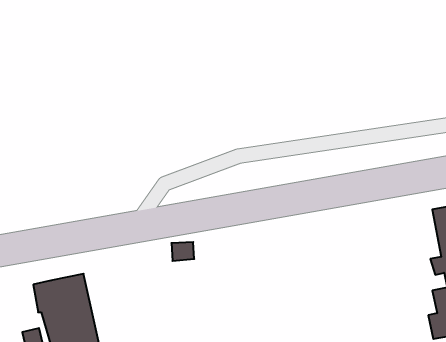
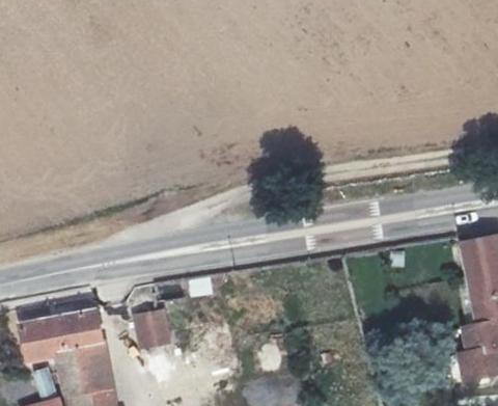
building: none -> [136,313,168,347]
building: none -> [22,322,50,361]

